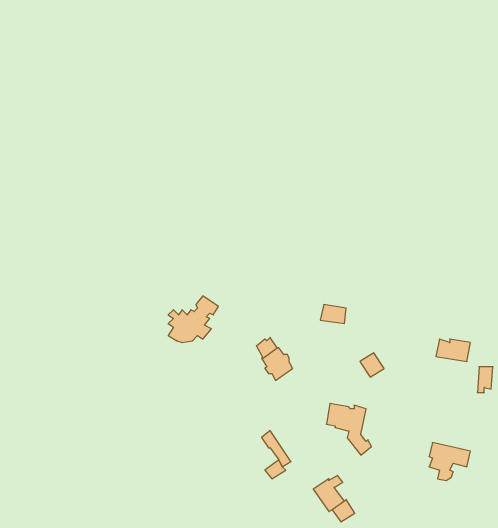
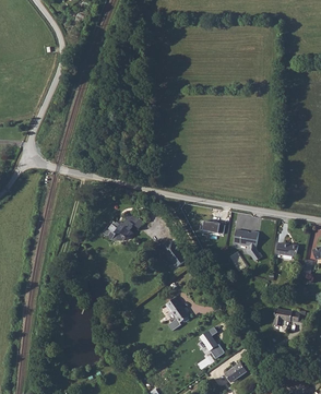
building: [326,403,371,455] -> [234,228,262,261]

